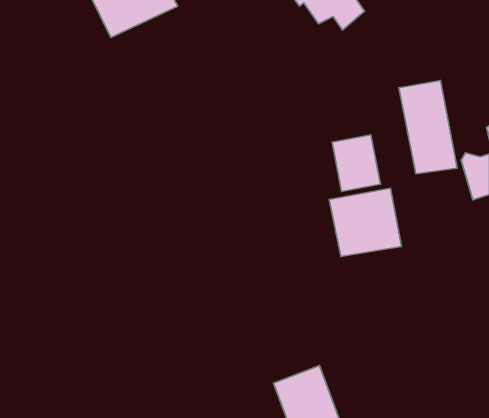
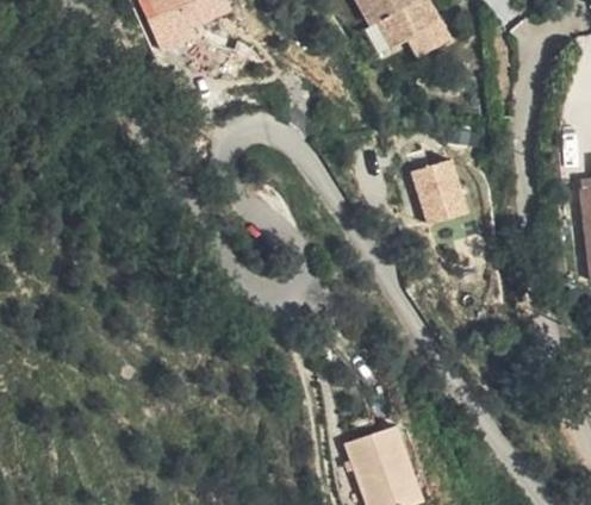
building: [399,81,457,174] -> none
building: [329,188,402,257] -> none

